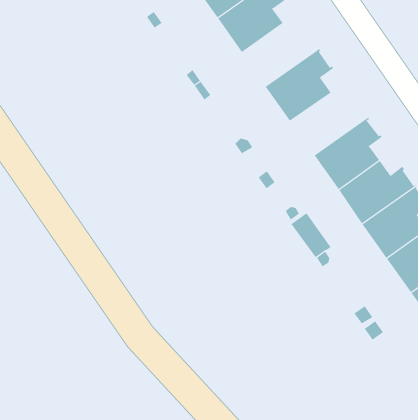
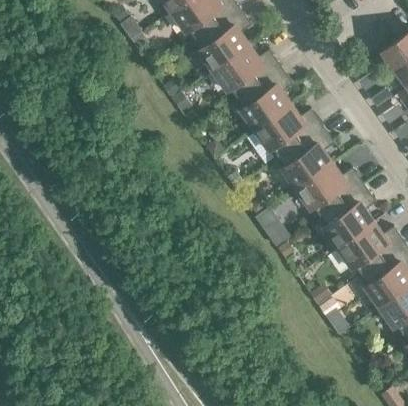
building: none -> [214,47,281,102]
building: none -> [255,107,323,161]

